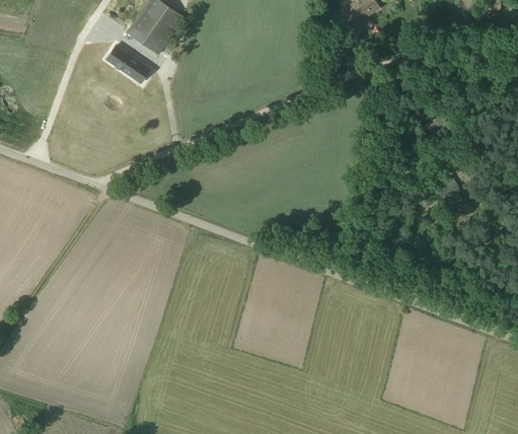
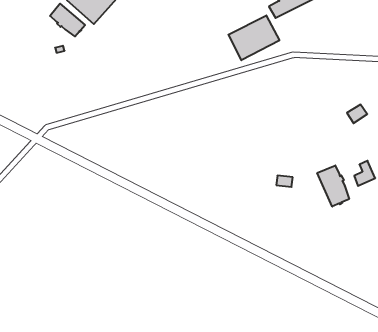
building: none -> [228,15,279,60]
building: none -> [317,165,349,207]

